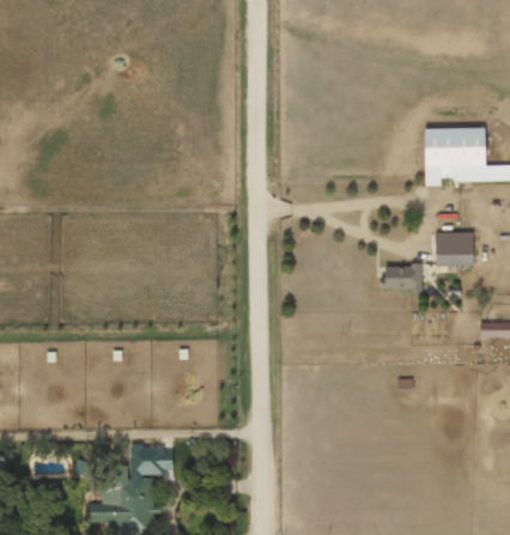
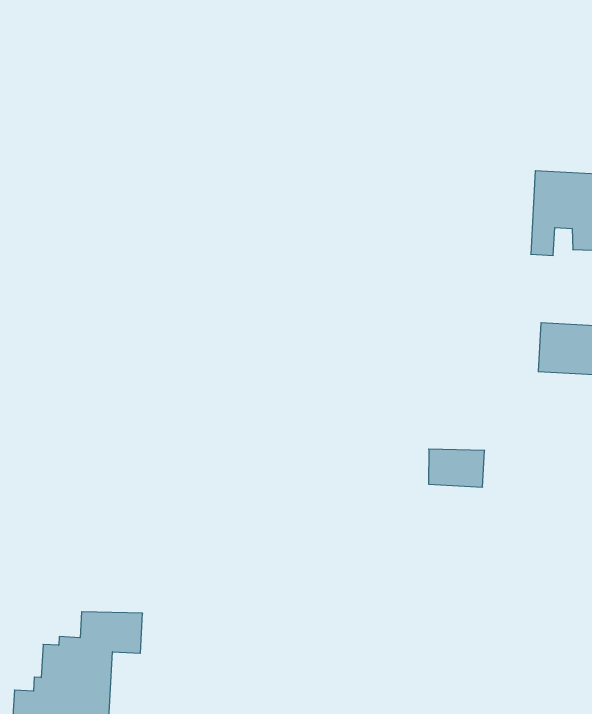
building: [383,265,421,290] -> [429,449,485,487]

